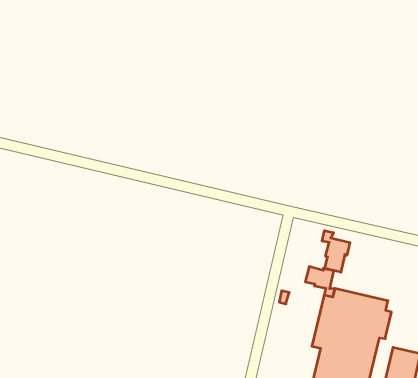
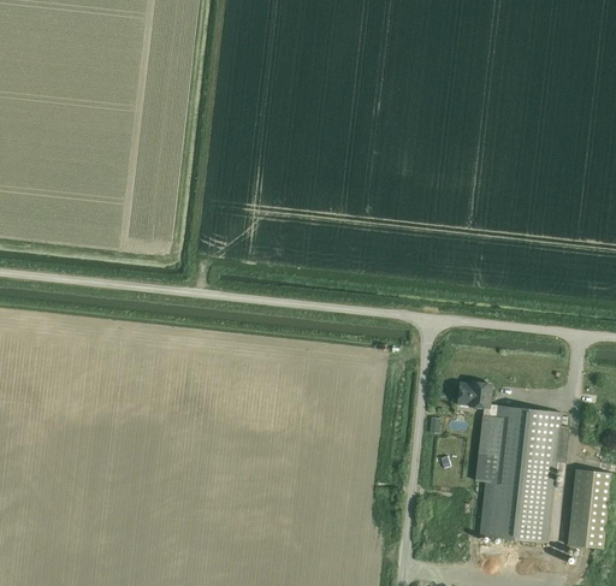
building: [322,231,350,272] -> none

